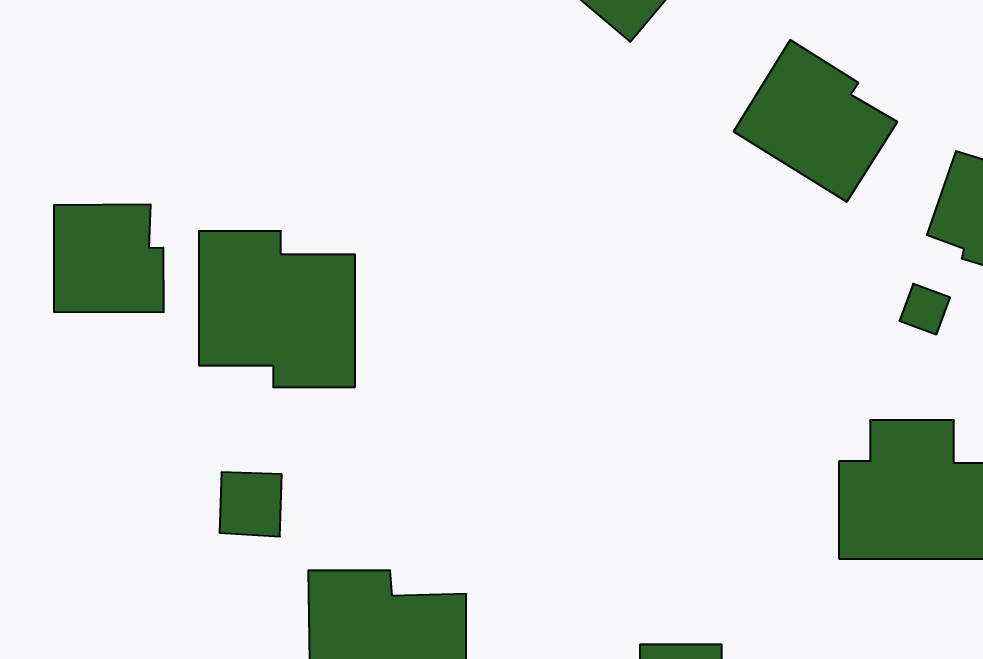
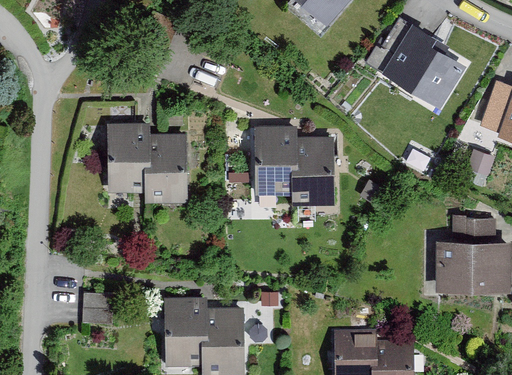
building: [54,204,164,312] -> none
building: none -> [255,126,336,206]
building: [219,472,282,537] -> [81,293,113,326]

